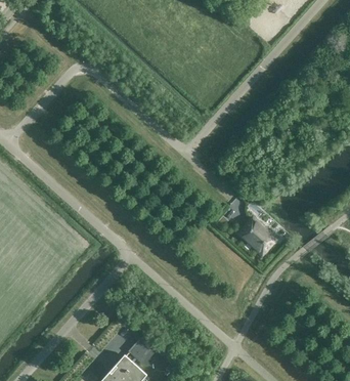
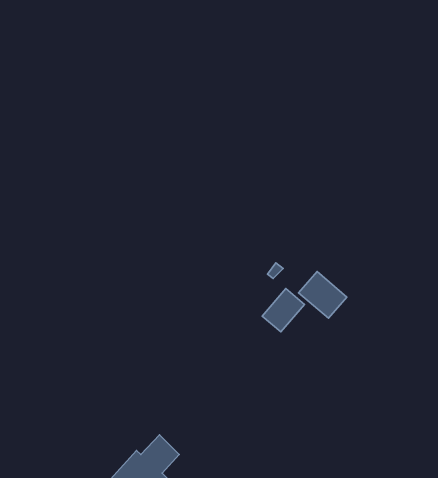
building: none -> [262,288,305,332]

